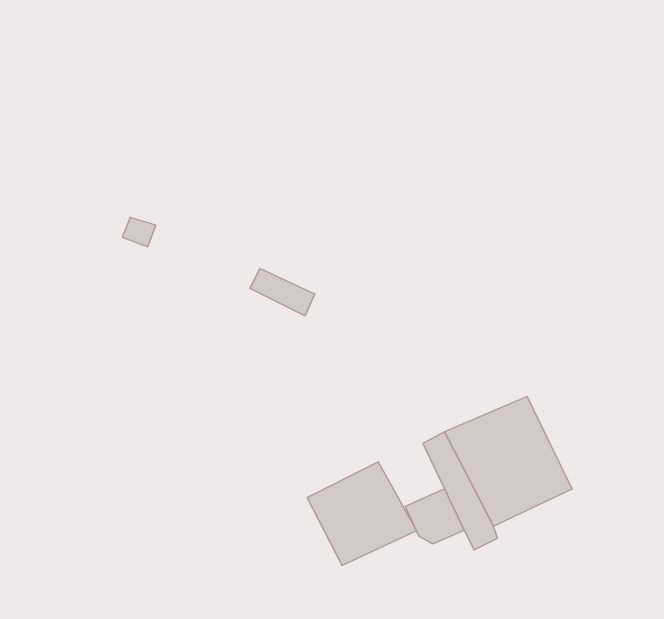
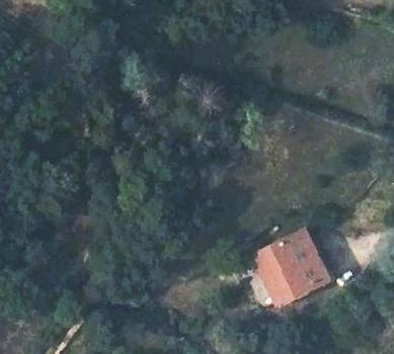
building: [307,462,417,566] -> none

